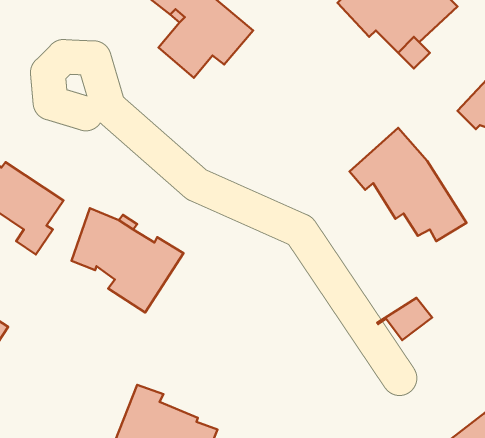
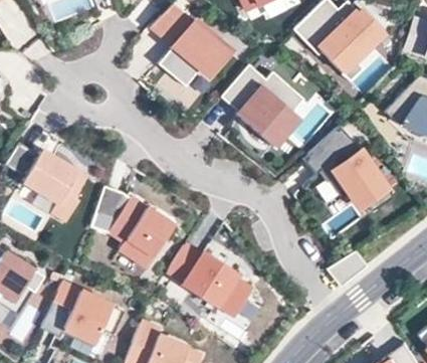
building: none -> [221,63,303,149]
building: none -> [168,243,252,315]
building: none -> [40,283,123,343]

